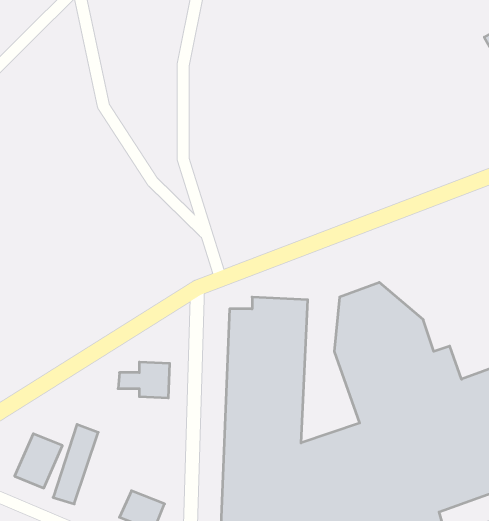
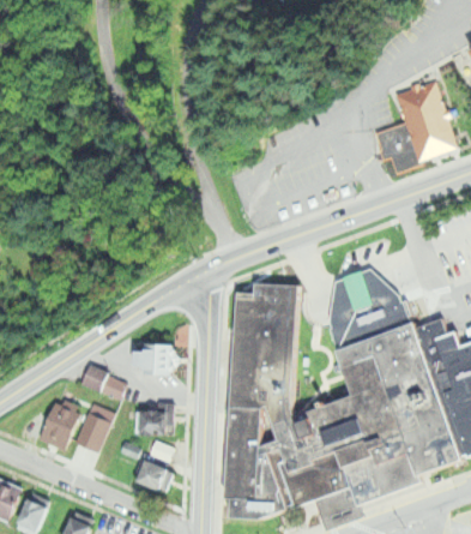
building: none -> [370,78,453,172]
building: none -> [85,364,128,396]
building: none -> [135,410,171,433]

